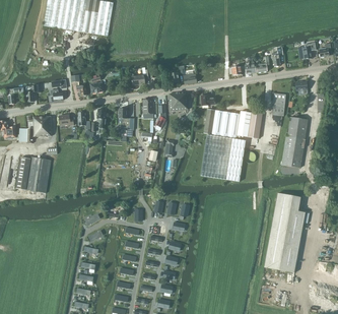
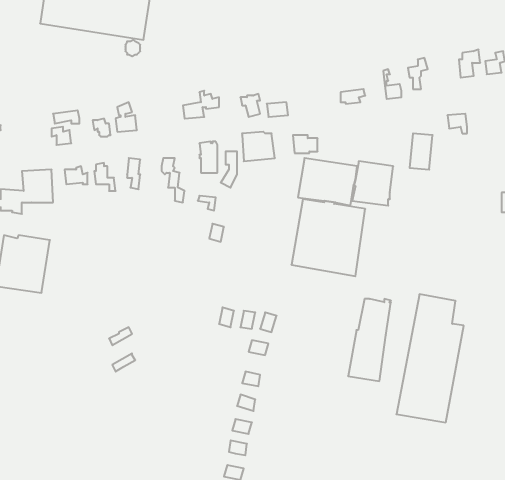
building: [281,117,308,168] -> [348,299,391,381]

